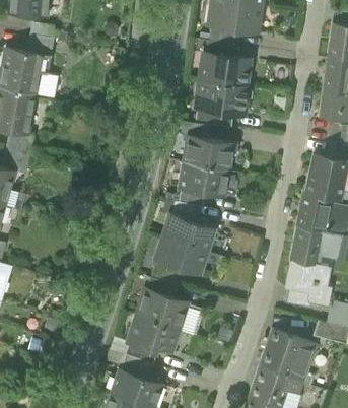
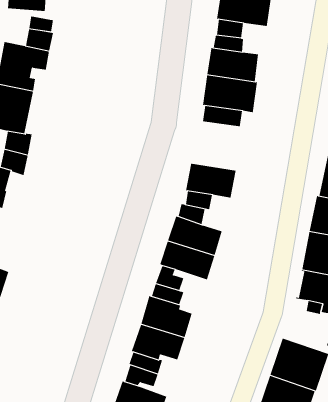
building: [185,135,237,168] -> none

